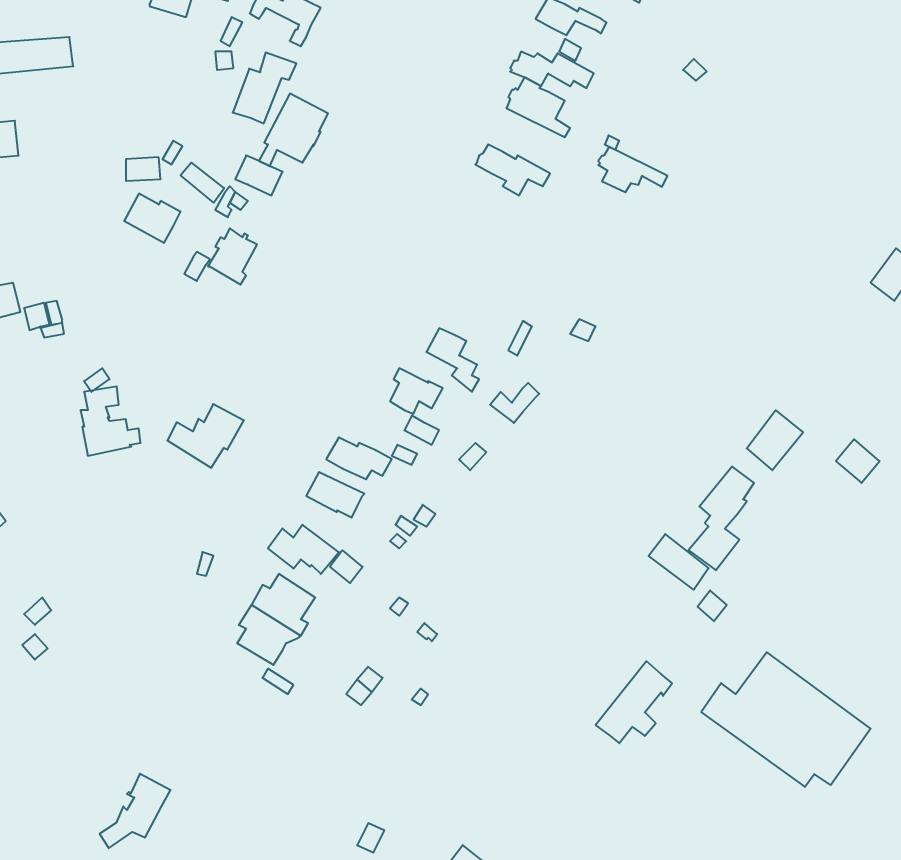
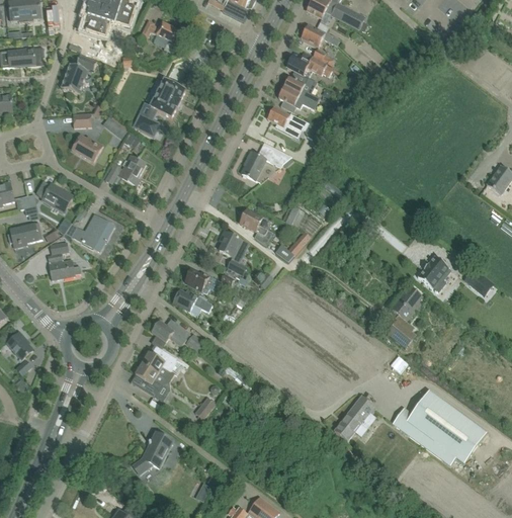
building: [233,52,296,123] -> [62,55,97,94]
building: [598,147,667,192] -> [278,87,317,112]
building: none -> [242,143,292,180]
building: none -> [37,180,74,212]
building: none -> [9,222,42,244]
building: [167,404,244,468] -> [72,215,114,251]
building: [649,534,709,590] -> none
building: none -> [7,332,33,360]
building: [100,774,171,848] -> [134,432,173,473]

